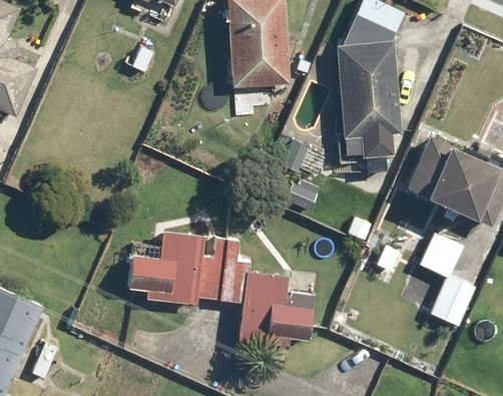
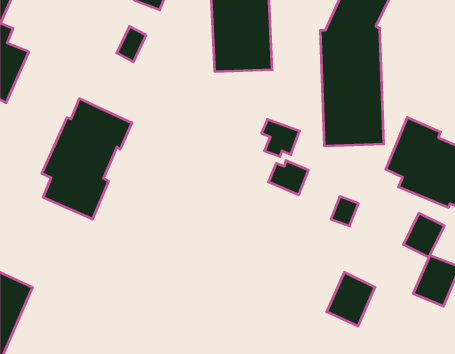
building: none -> [42,99,132,219]
building: [125,230,314,346] -> none
building: none -> [327,272,375,326]

